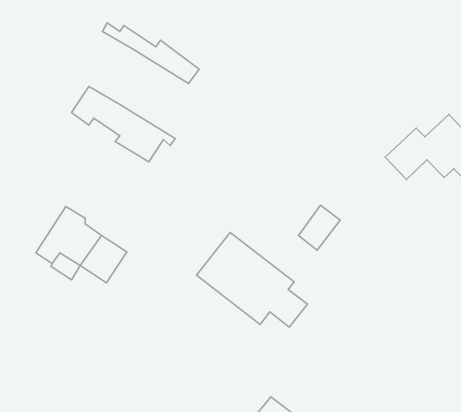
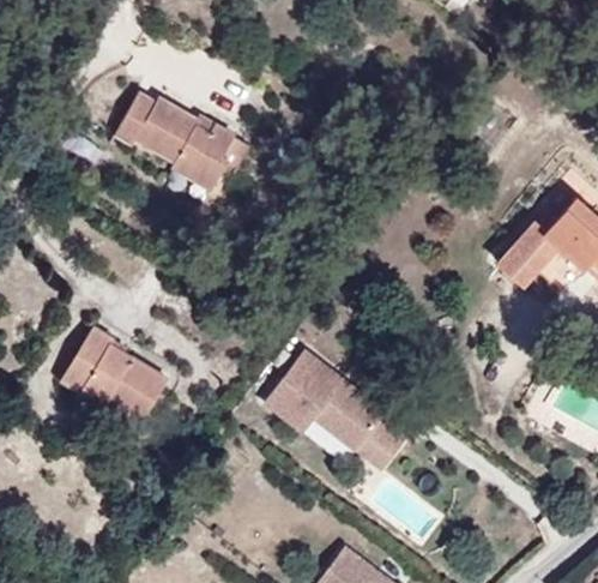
building: [72,86,175,162] -> [121,101,249,194]
building: [298,205,340,250] -> none

